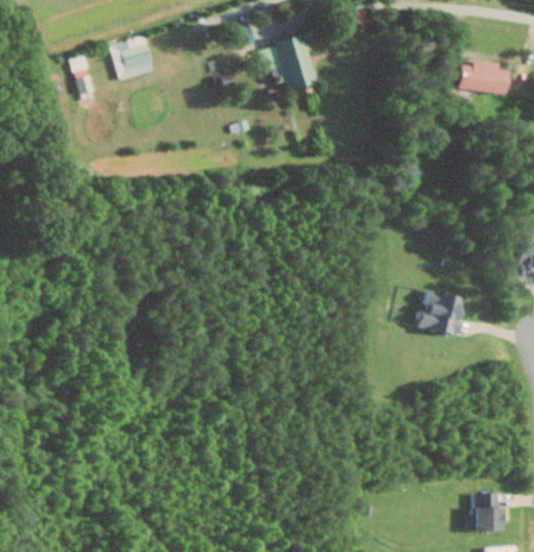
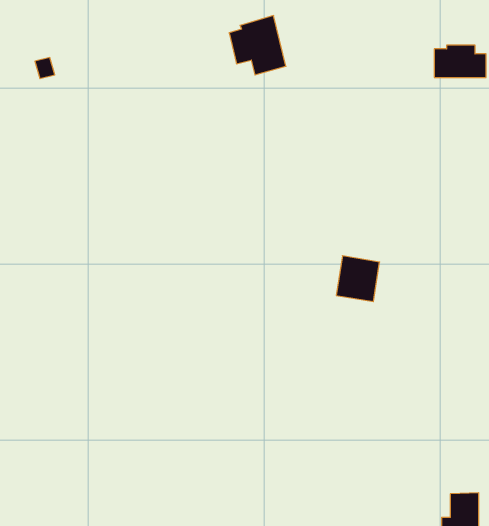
building: [109,34,155,81] -> none
building: [422,290,464,334] -> [336,256,380,302]

